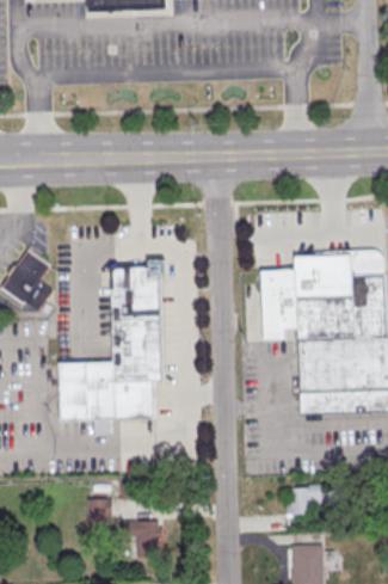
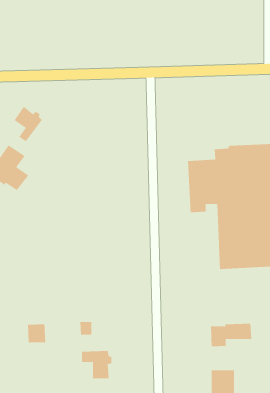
building: none -> [14,106,42,142]
building: [58,258,167,432] -> none
building: [87,498,112,523] -> [27,324,46,343]

